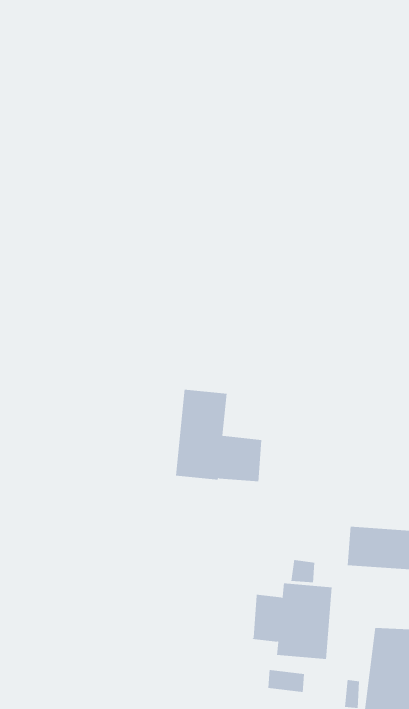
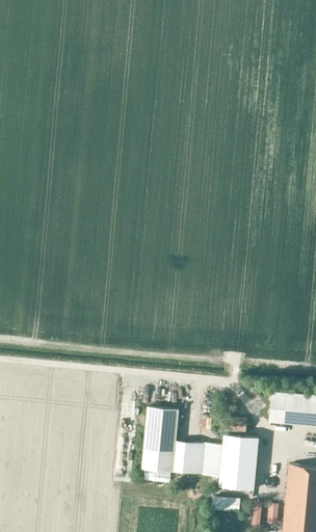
building: [175,389,262,482] -> [141,407,204,474]

